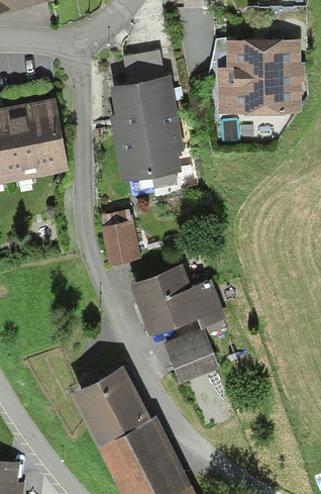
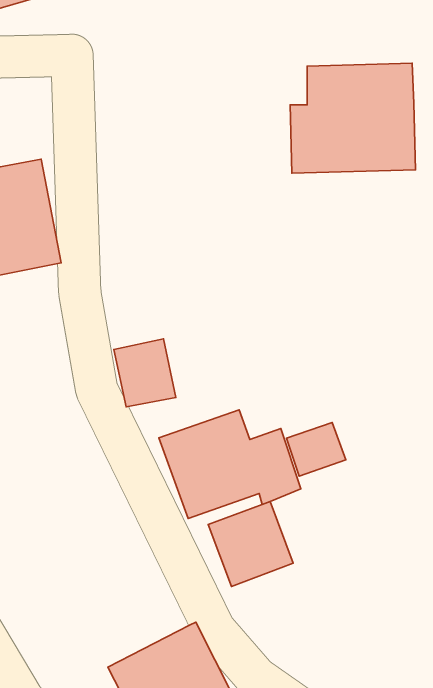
building: [107,47,183,183] -> none
building: none -> [287,423,346,476]
building: [69,354,150,435] -> none

